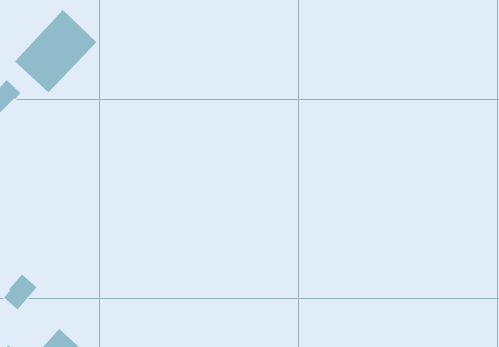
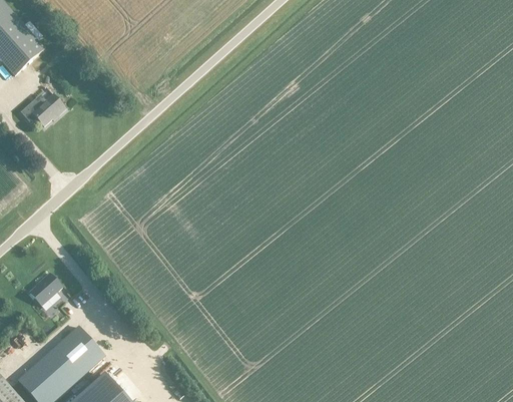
building: [14,9,97,93] -> none

